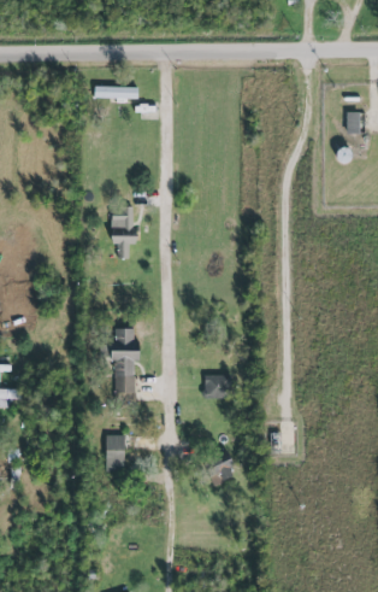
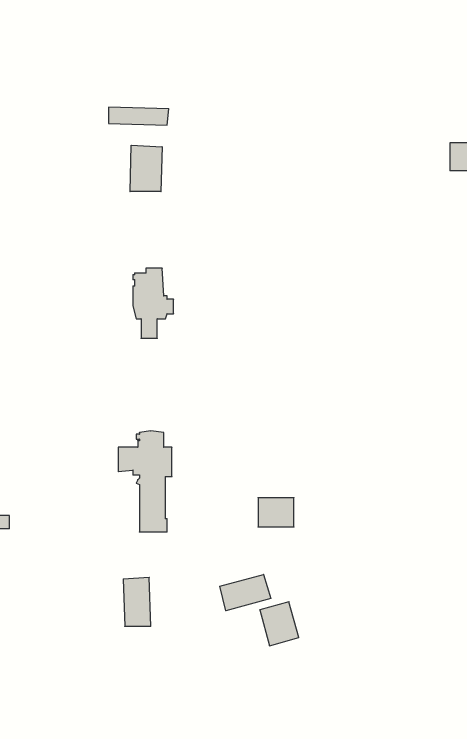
building: none -> [130,145,162,192]
building: none -> [220,574,271,611]

